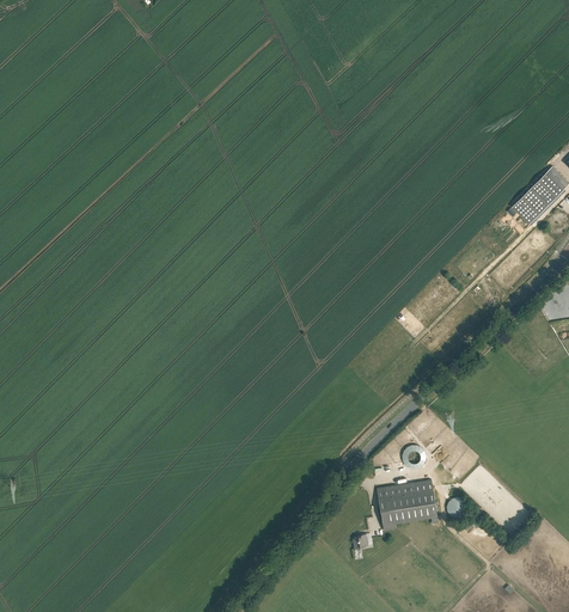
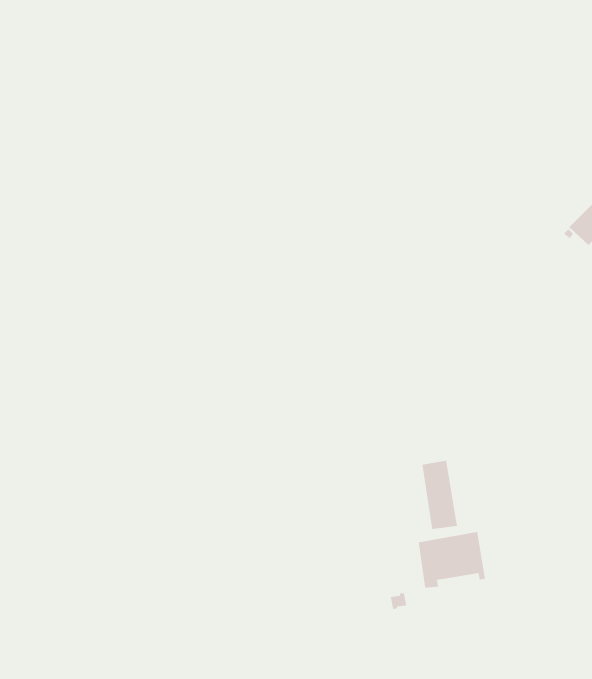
building: none -> [422,460,458,530]

